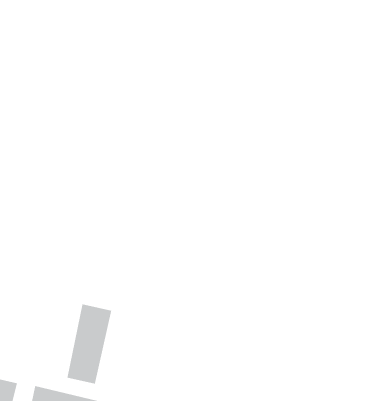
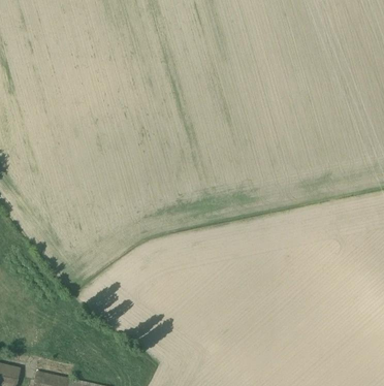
building: [67,303,112,384] -> none

